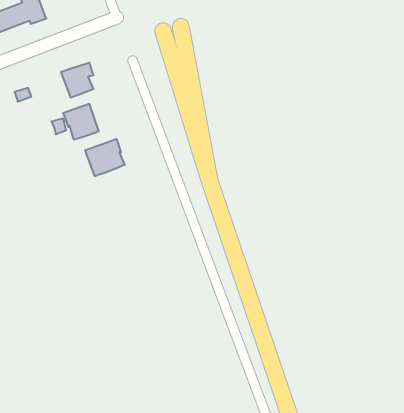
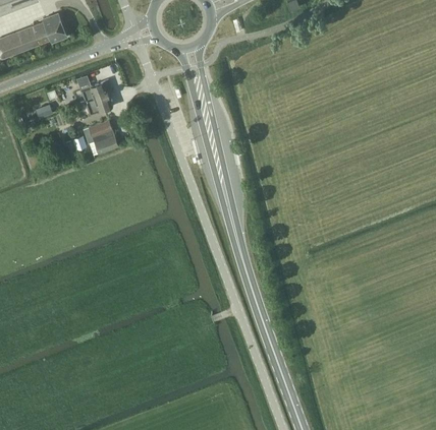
building: [85,139,125,176] -> none

